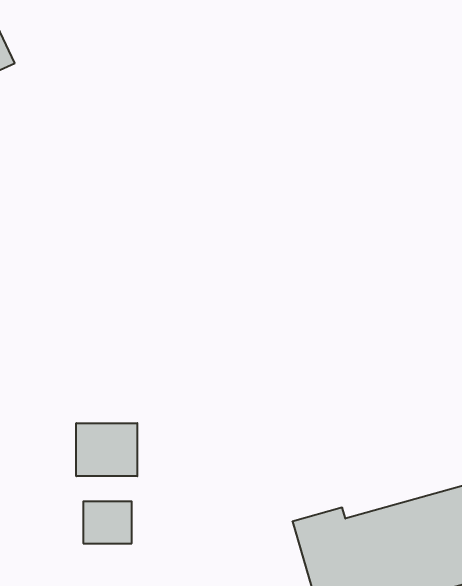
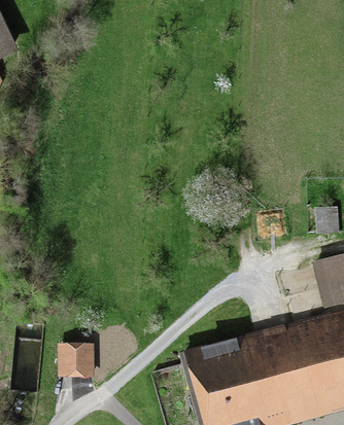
building: [76,423,137,476] -> none

